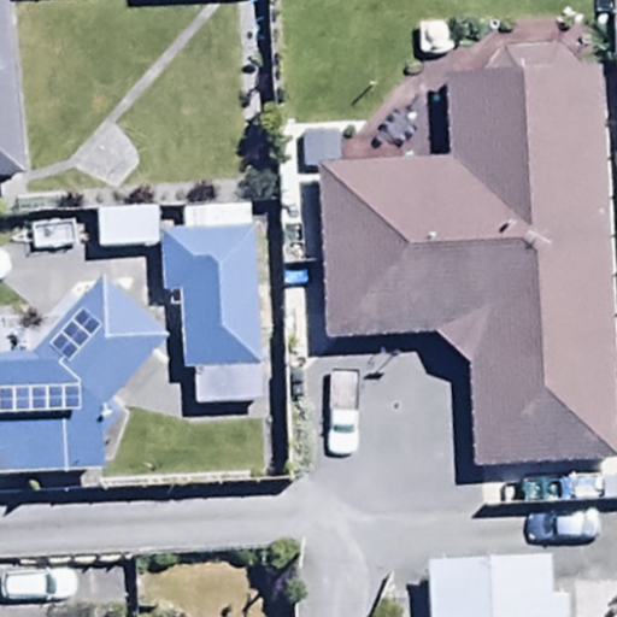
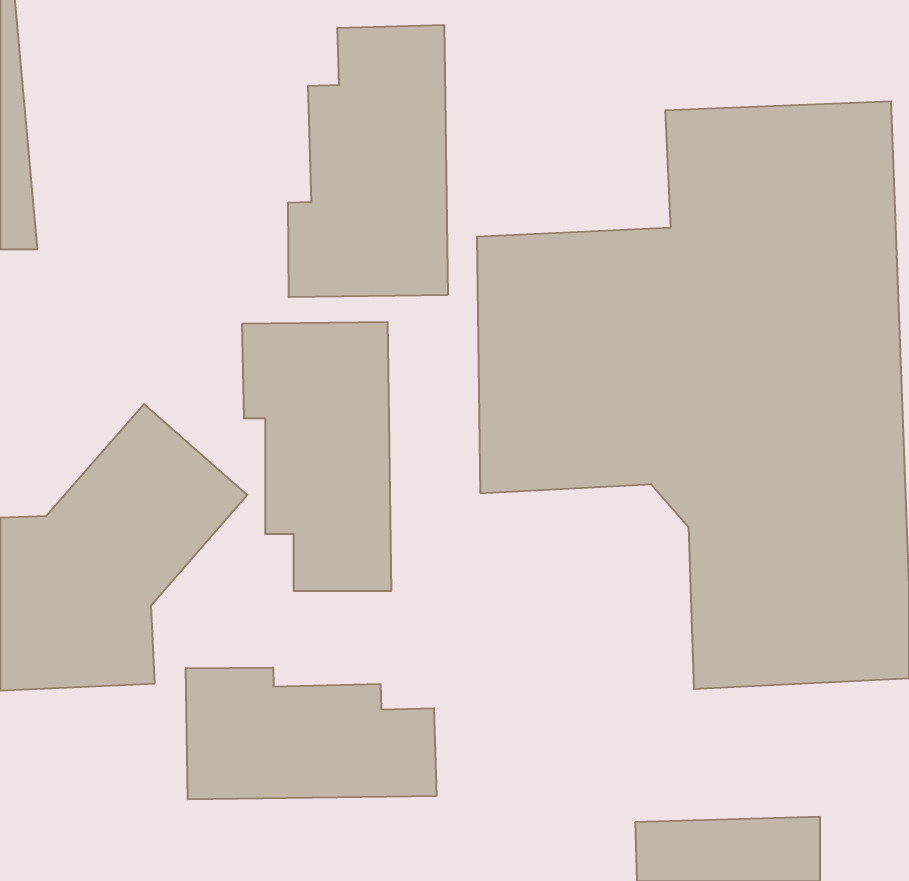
building: none -> [288,25,448,297]
building: none -> [186,667,436,799]

